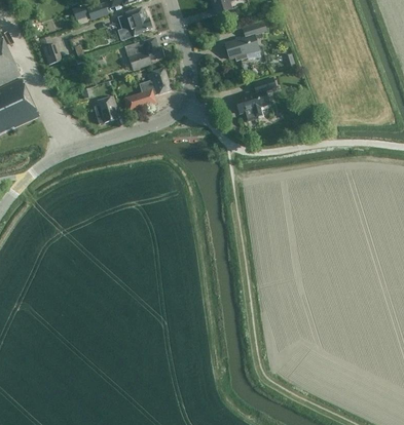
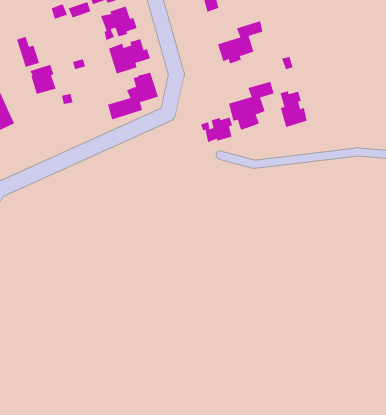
building: none -> [280,90,307,128]
building: [94,96,118,124] -> [30,64,56,94]
building: none -> [200,117,233,143]

